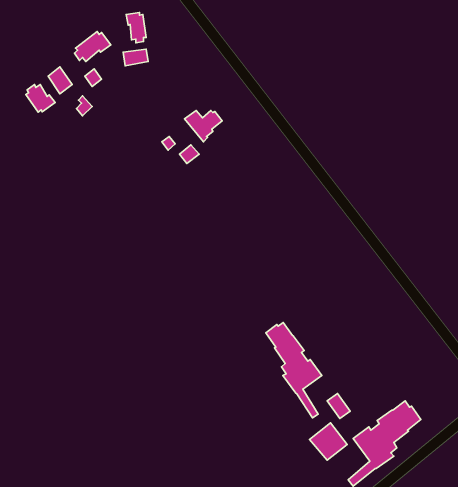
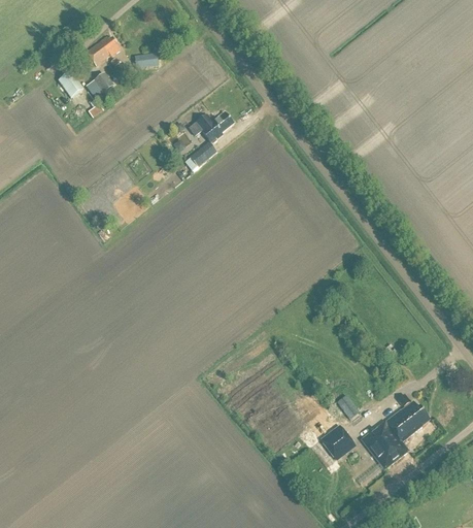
building: [126,13,146,43] -> none
building: [26,84,55,112] -> none
building: [266,322,322,418] -> none

